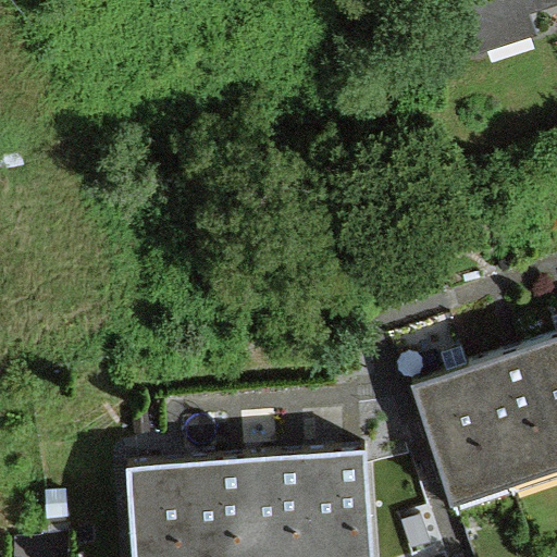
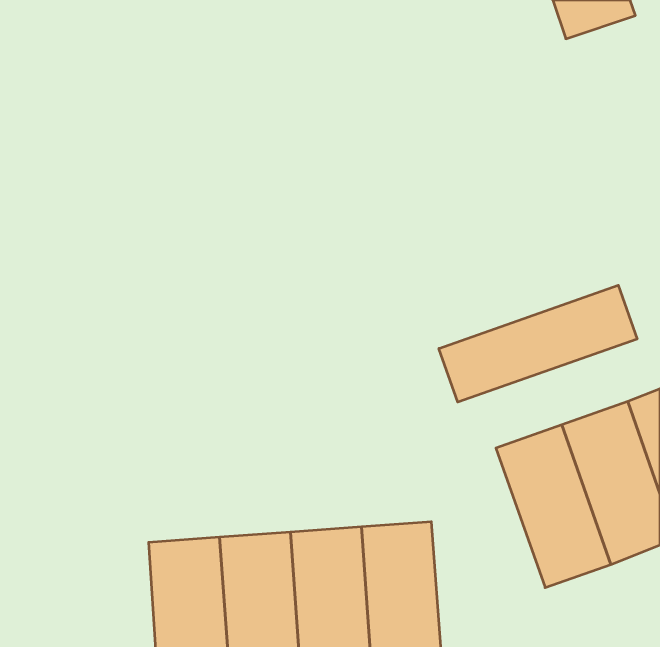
building: none -> [439,285,637,402]

